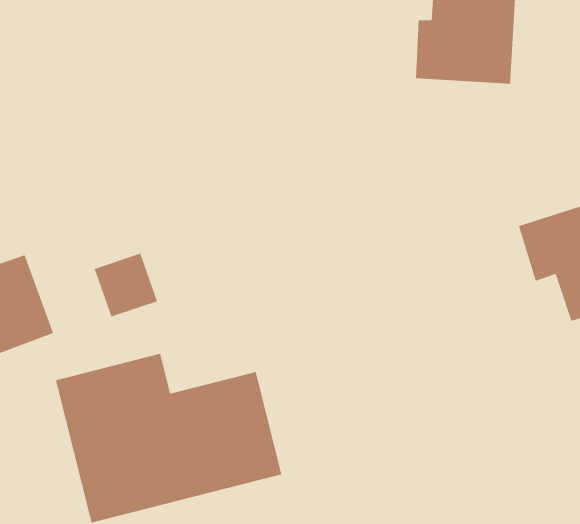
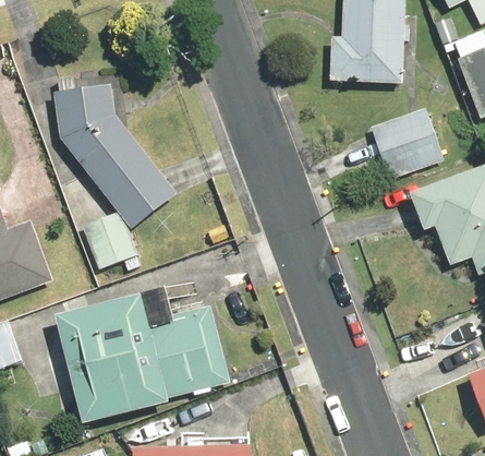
building: none -> [53,82,177,224]
building: none -> [369,108,445,181]

